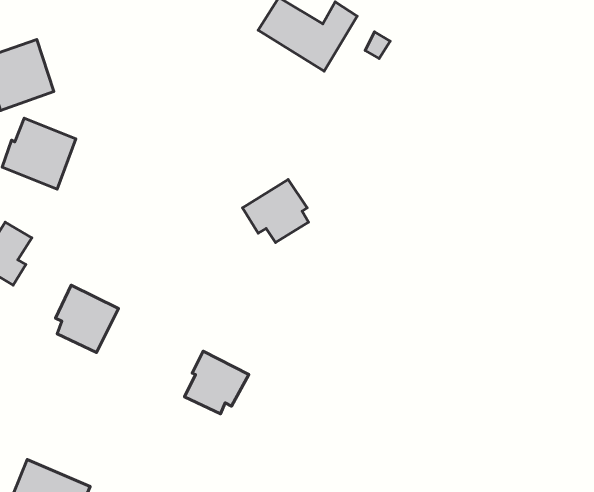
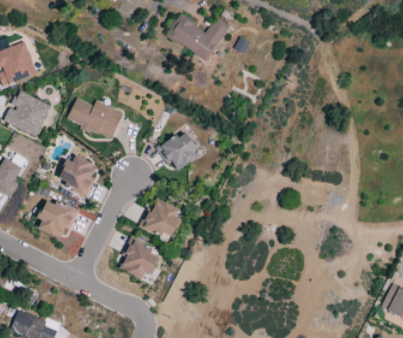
building: none -> [68,97,123,139]
building: none -> [60,153,98,198]
building: none -> [142,197,181,239]

